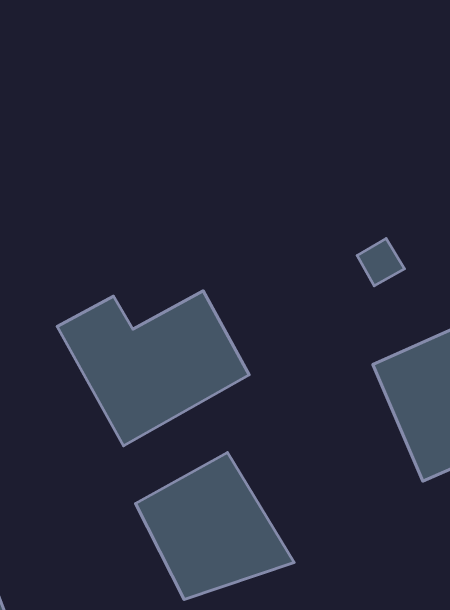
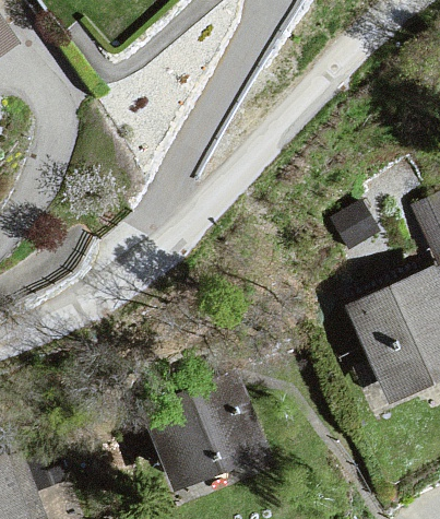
building: [57,291,249,446] -> none

